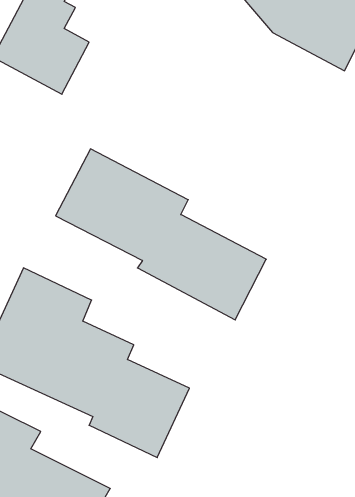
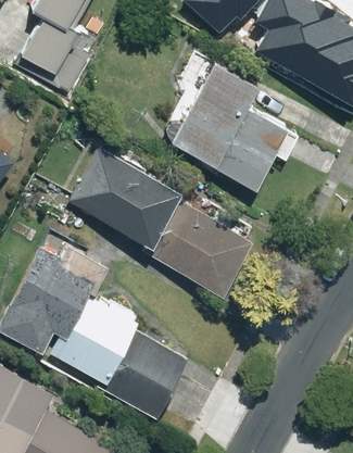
building: none -> [163,52,299,189]

